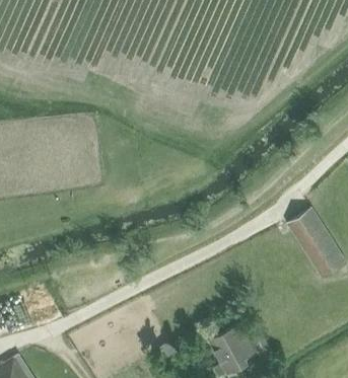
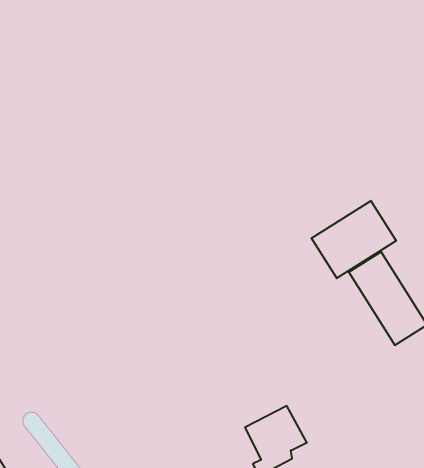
building: none -> [311,201,396,278]

